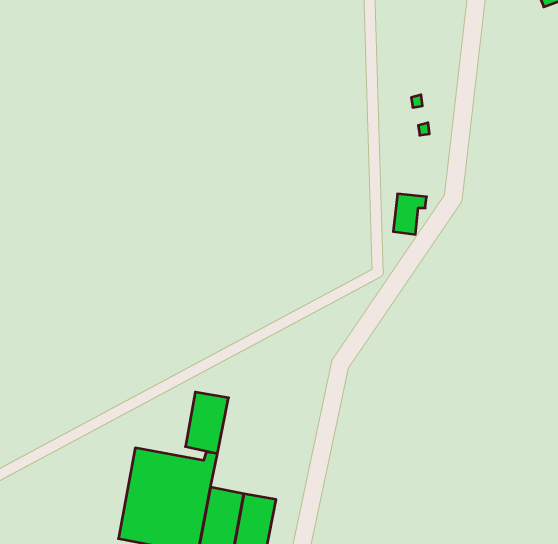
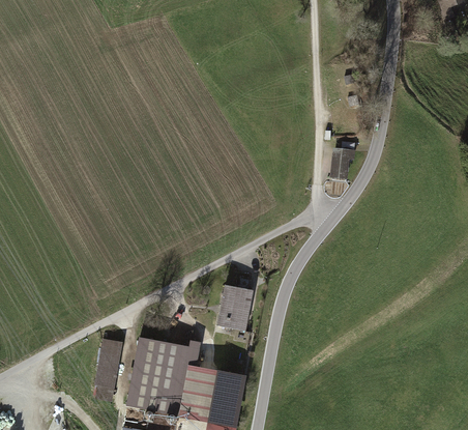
building: [185,392,229,454] -> [218,284,251,329]
building: none -> [97,339,121,388]

